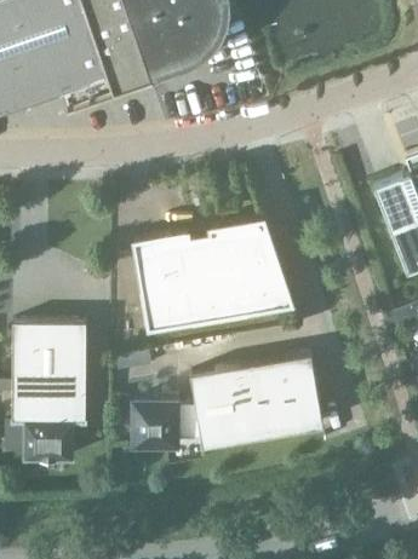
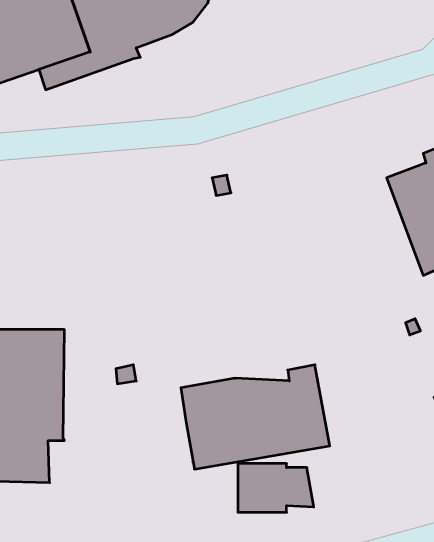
building: [134,220,292,329] -> none
building: [133,404,201,448] -> [238,464,314,512]

